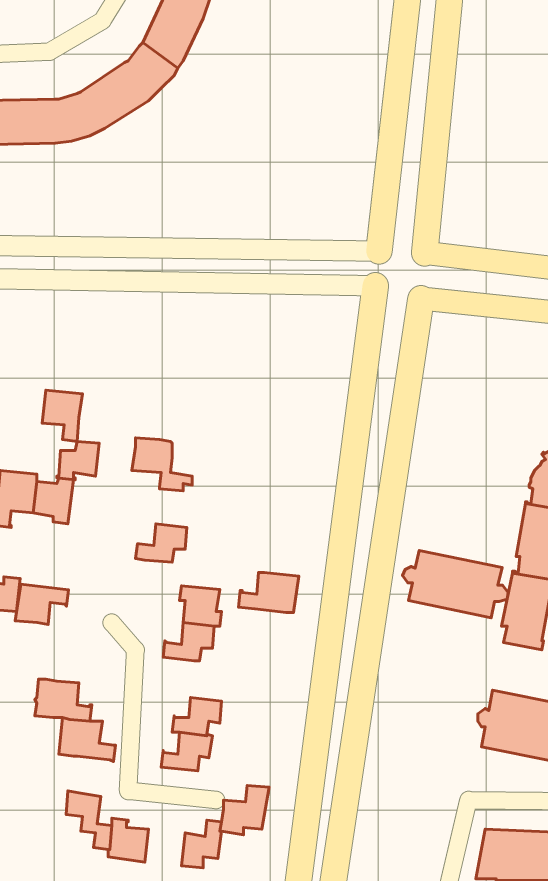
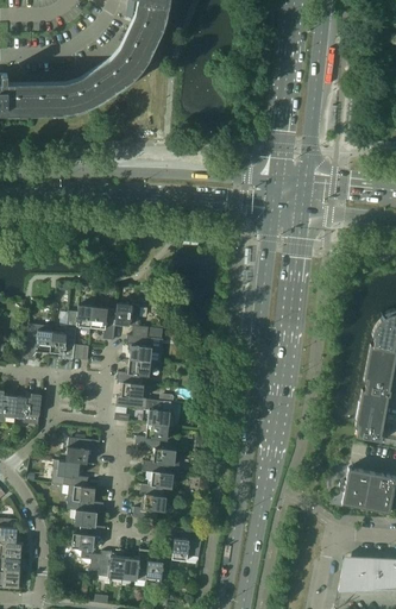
building: [42,390,83,441] -> [92,307,118,340]
building: none -> [128,335,153,362]
building: [402,550,508,618] -> none
building: none -> [117,383,147,409]
building: [238,572,299,613] -> [143,448,182,475]
building: [15,584,68,624] -> [67,438,101,464]
building: none -> [75,510,106,538]
building: none -> [124,550,151,582]

